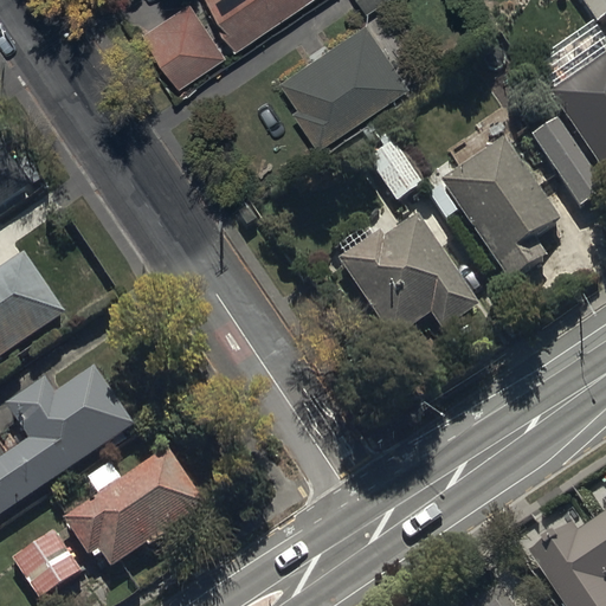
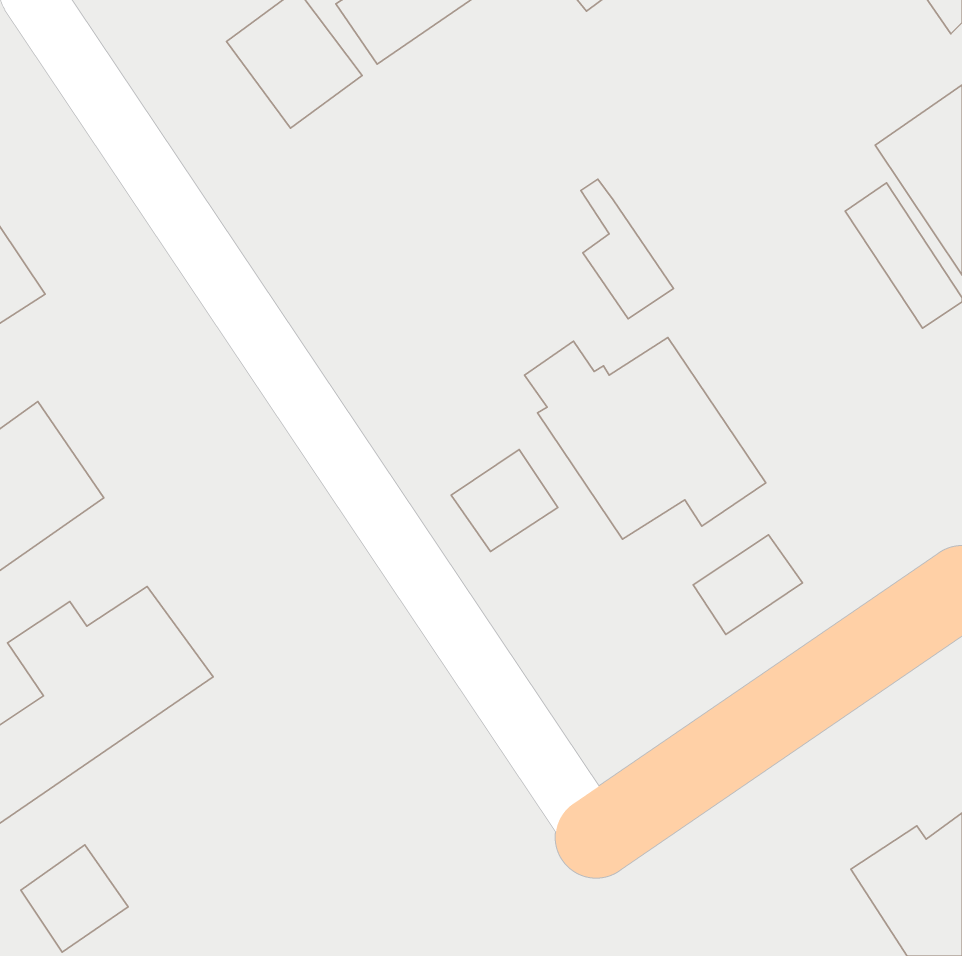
building: [281,14,411,141] -> none
building: [431,137,560,281] -> none
building: none -> [451,449,558,552]
building: none -> [693,535,802,634]
building: [63,447,206,568] -> none

